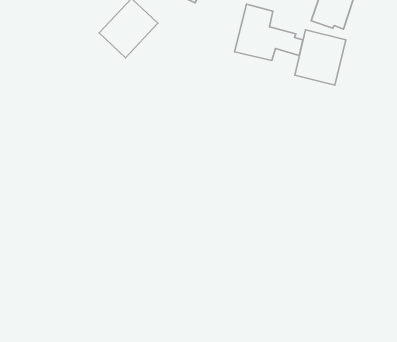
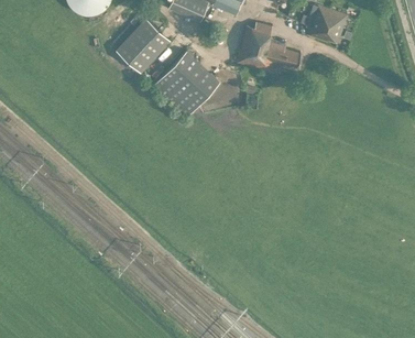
building: [295,30,346,85] -> none
building: none -> [151,50,217,116]

